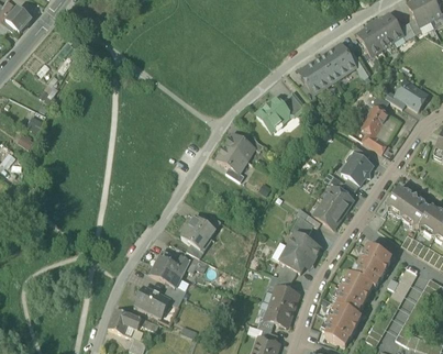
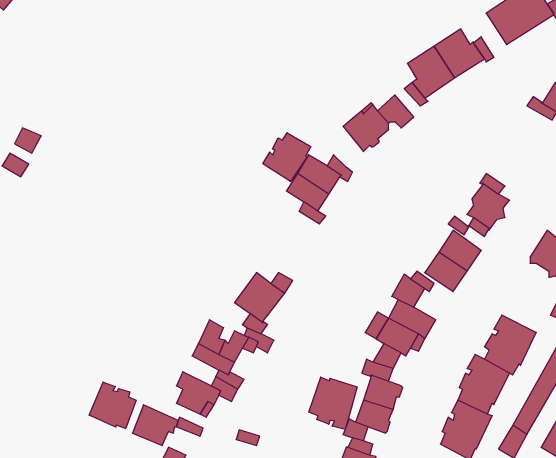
building: [359,103,389,152] -> none
building: none -> [263,133,311,182]
building: none -> [309,377,357,429]
building: none -> [89,382,136,428]

